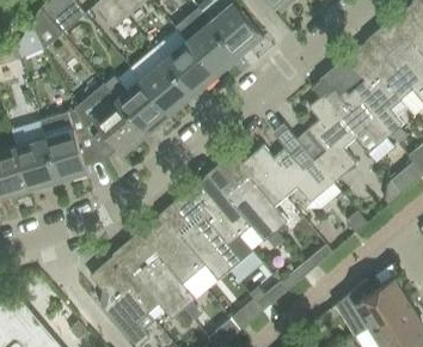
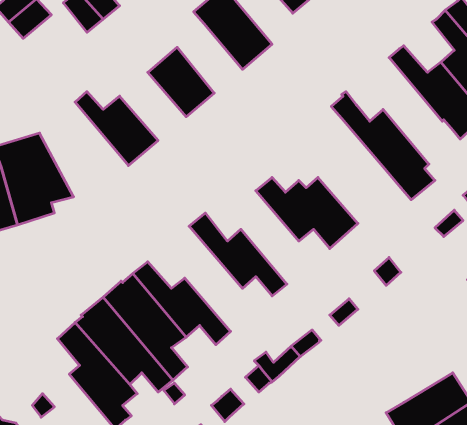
building: [186,20,239,77] -> none
building: [345,48,409,144] -> none
building: [140,60,194,115] -> none
building: [74,83,147,160] -> none
building: [300,97,356,182] -> none
building: [238,156,287,231] -> none
building: [184,184,252,269] -> none
building: [335,278,409,335] -> none

